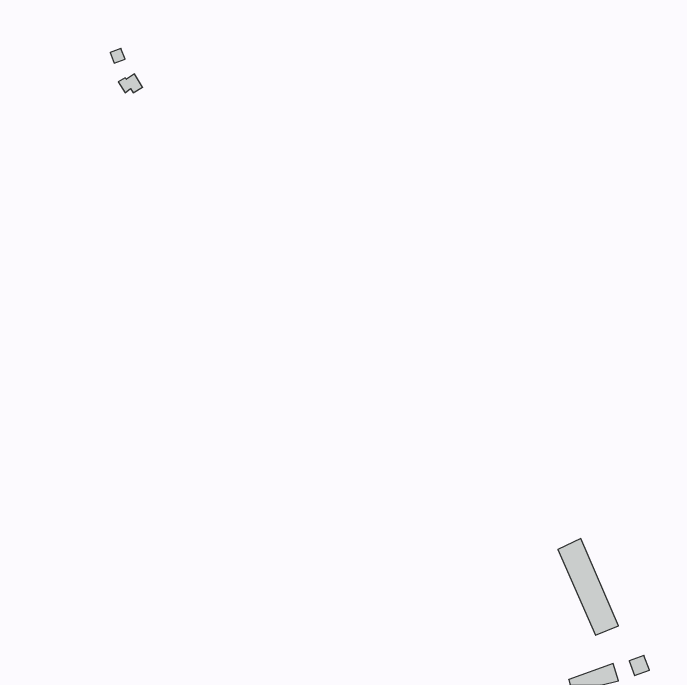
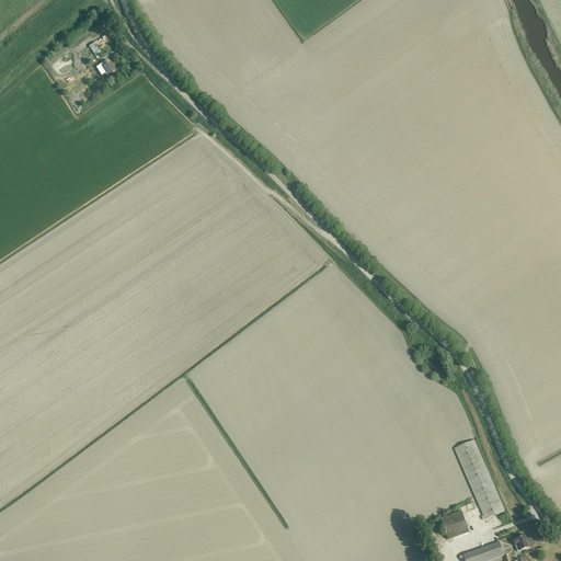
building: none -> [440,512,469,539]

